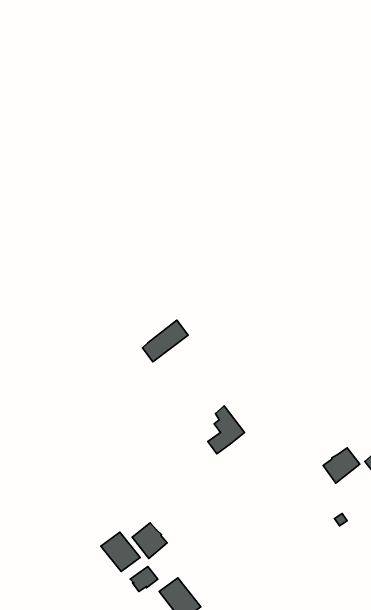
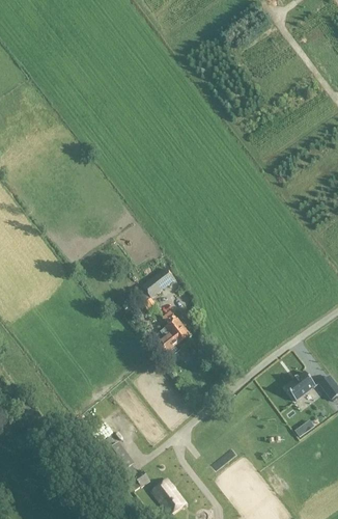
building: [208,406,244,454] -> [159,313,189,353]
building: [132,523,167,558] -> none

